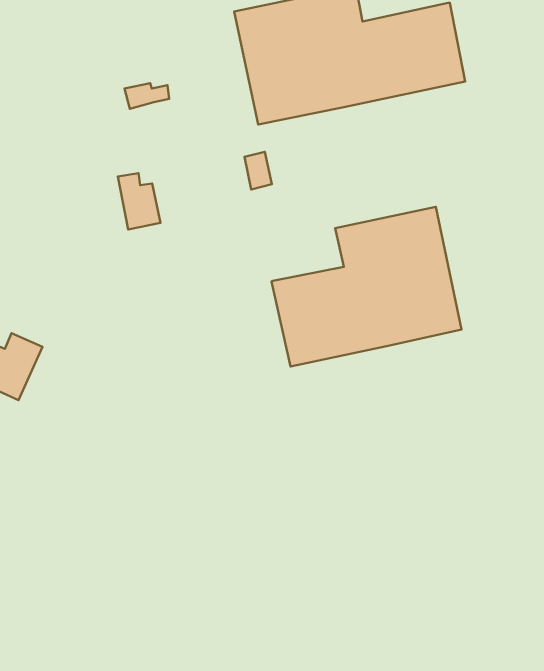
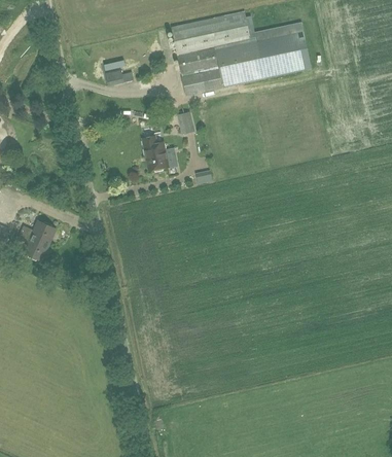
building: [118,173,161,230] -> [142,136,168,170]
building: [271,207,462,367] -> none

